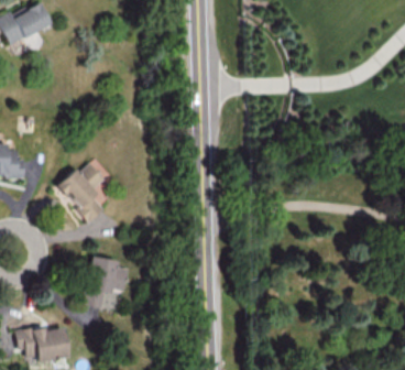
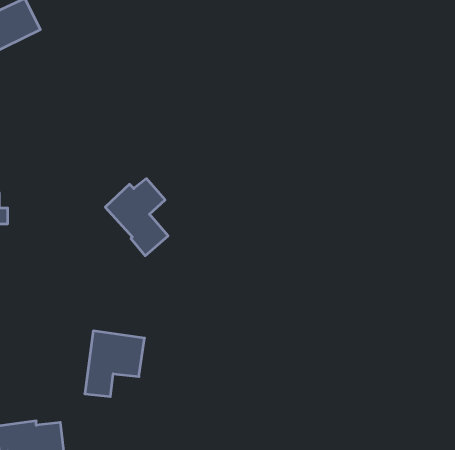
building: [58,163,107,222] -> [105,179,168,256]

